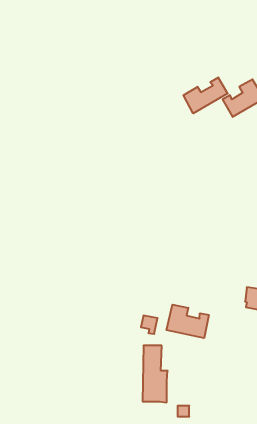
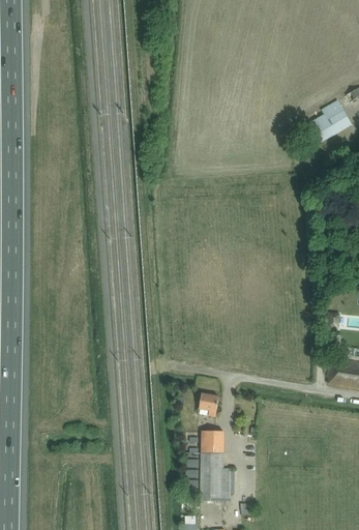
building: [183,77,228,113] -> none
building: [167,305,209,338] -> none

